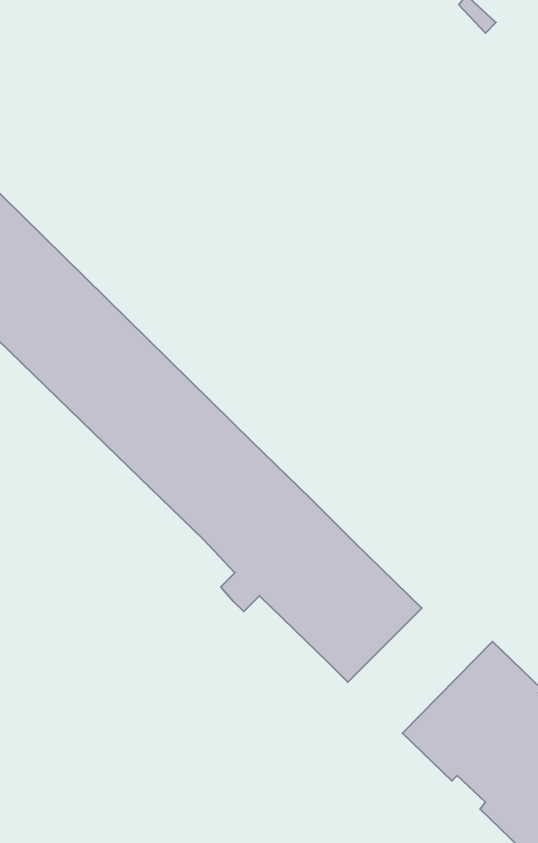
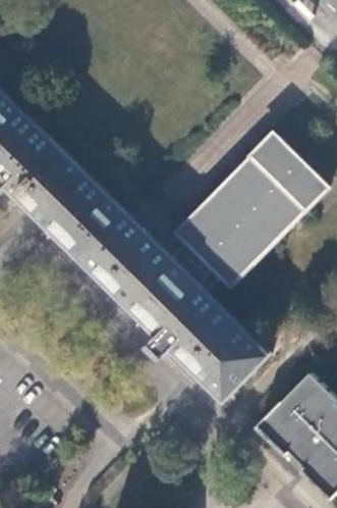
building: none -> [170,134,327,291]

